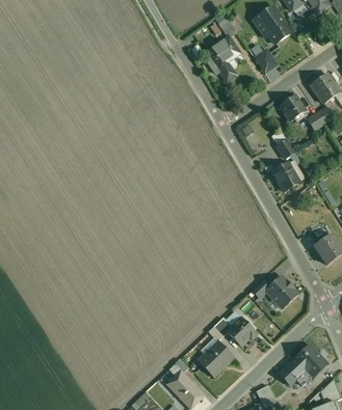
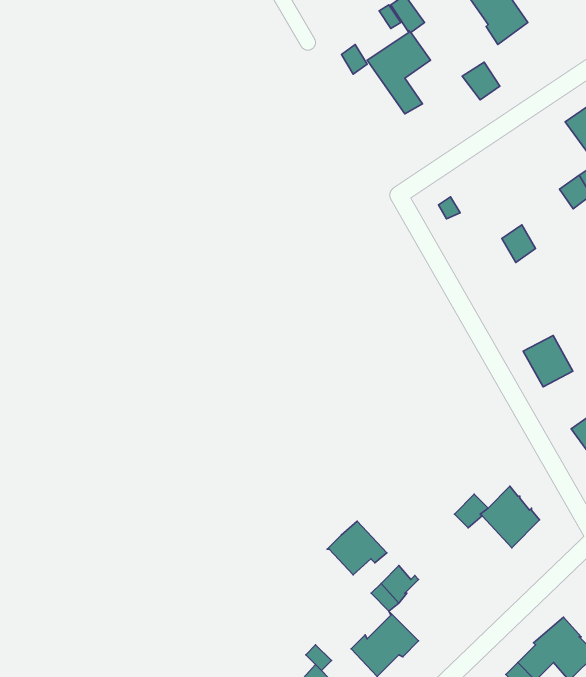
building: [280,94,306,121] -> none
building: [272,162,298,189] -> [523,335,573,387]
building: [226,317,257,345] -> [327,521,387,575]

